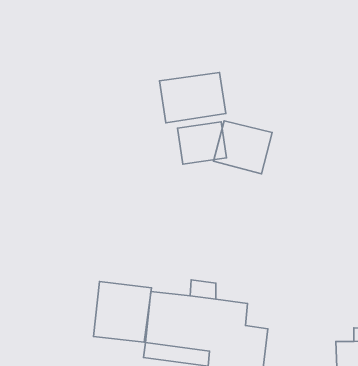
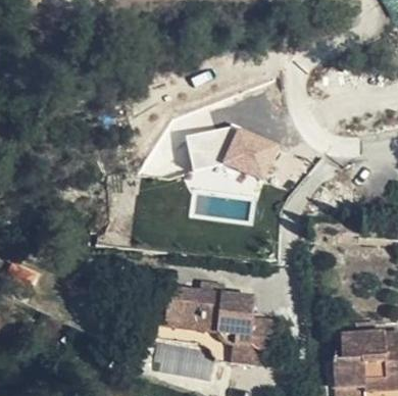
building: [160,73,226,123] -> none
building: [93,282,151,342] -> none

